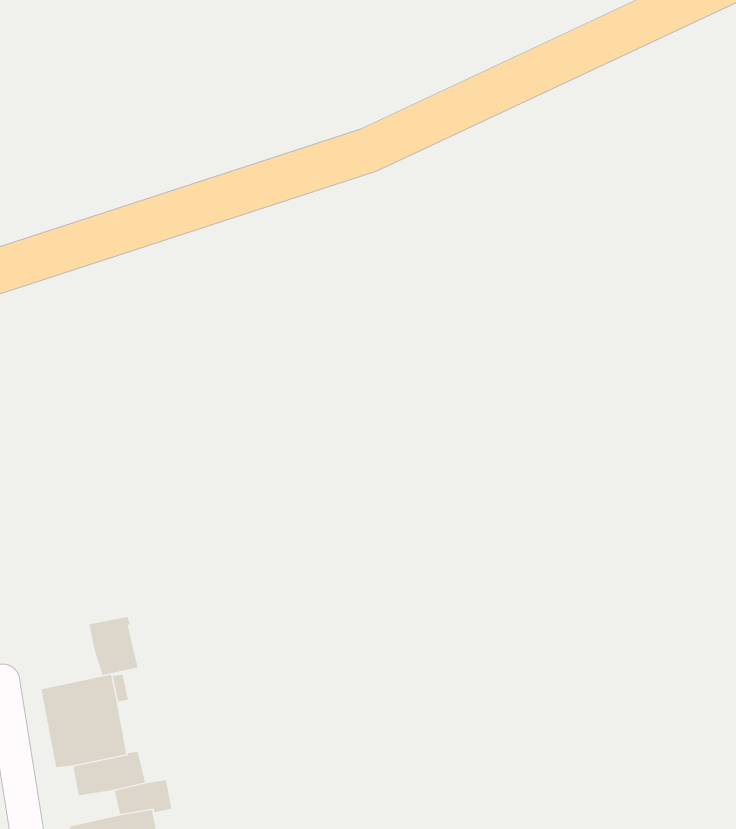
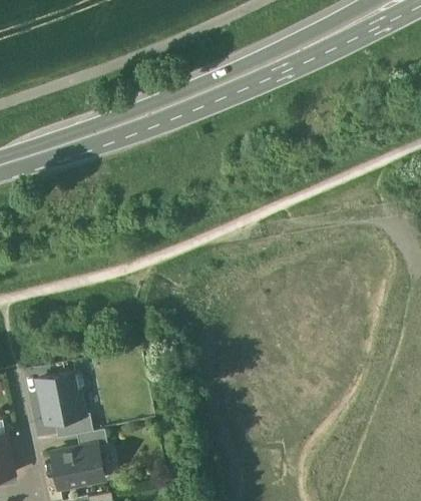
building: [89,616,139,676] -> none

